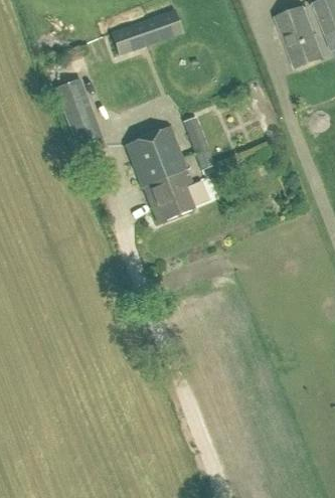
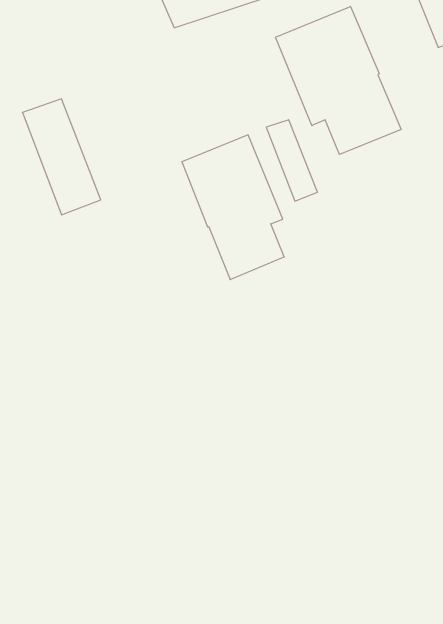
building: none -> [276,6,401,154]
building: [54,77,107,155] -> [22,99,101,215]

